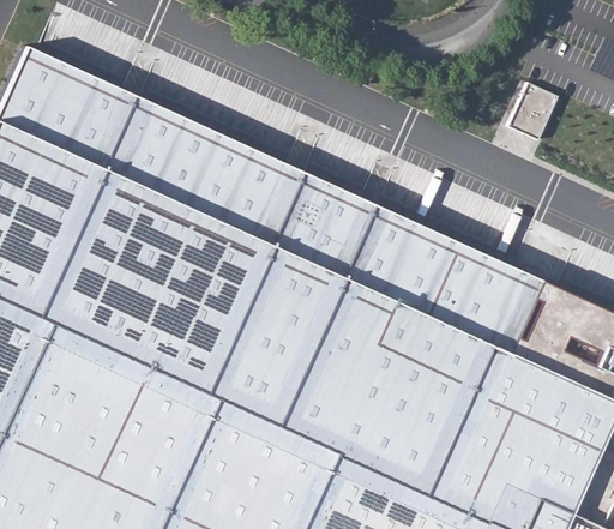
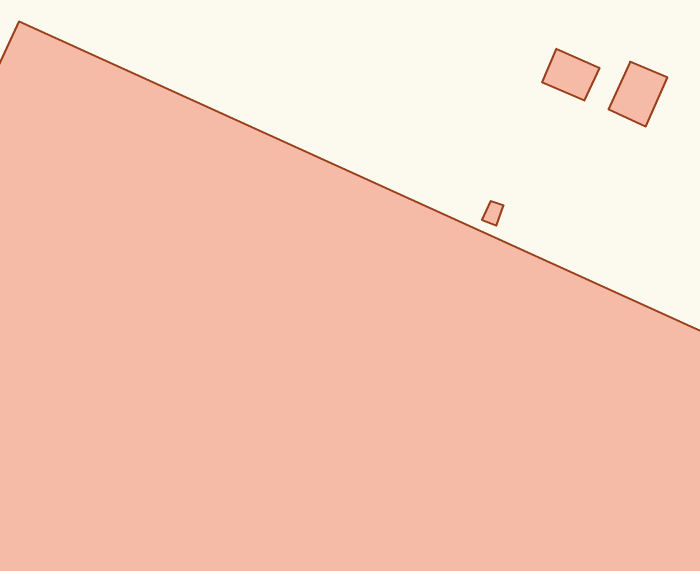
building: none -> [542,49,599,101]

